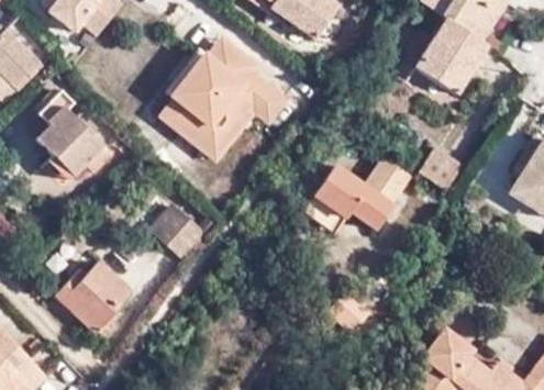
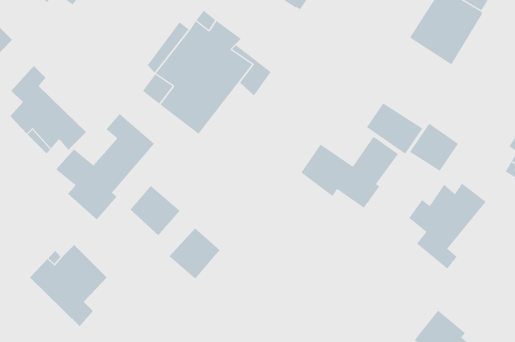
building: none -> [366,103,423,154]
building: none -> [55,113,155,220]
building: none -> [408,183,487,269]
building: none -> [169,228,220,279]

